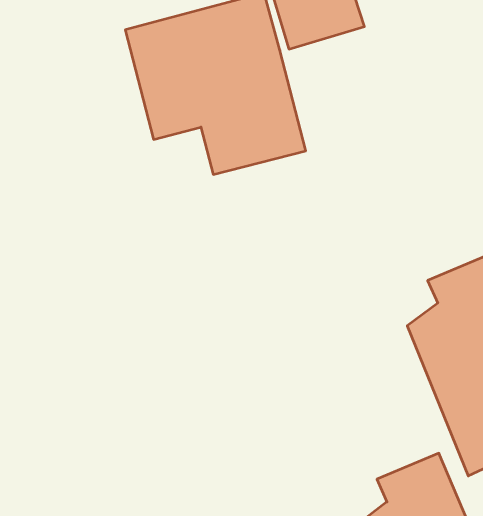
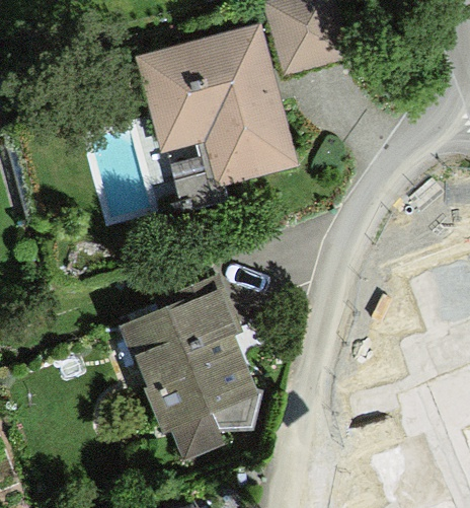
building: none -> [119,277,261,460]

